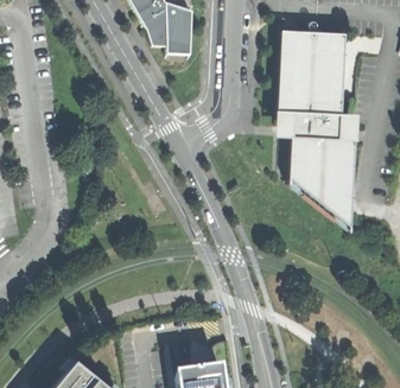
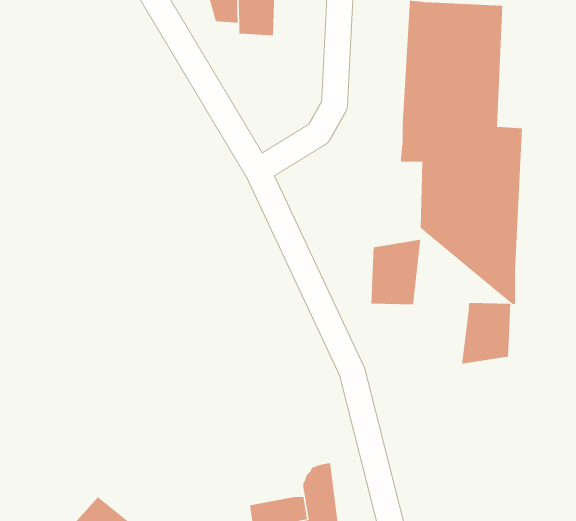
building: none -> [371,239,421,305]
building: none -> [462,302,511,365]

